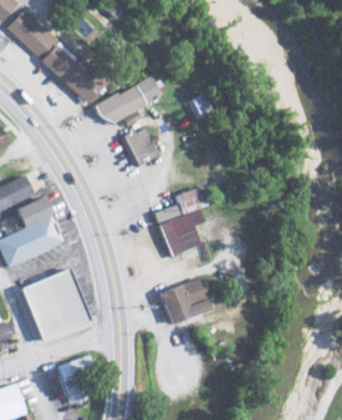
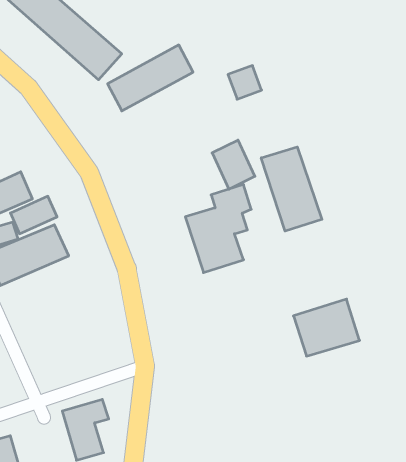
building: [124,127,158,166] -> [212,140,255,189]
building: none -> [261,147,322,231]
building: [22,269,91,341] -> none
building: [161,278,213,323] -> [293,299,360,356]

